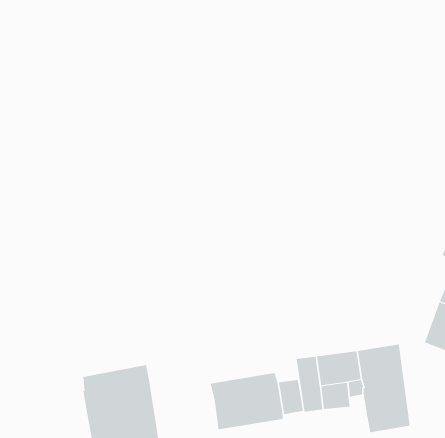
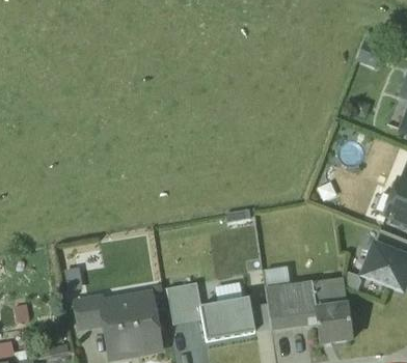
building: none -> [166,283,201,324]
building: none -> [75,296,104,328]

